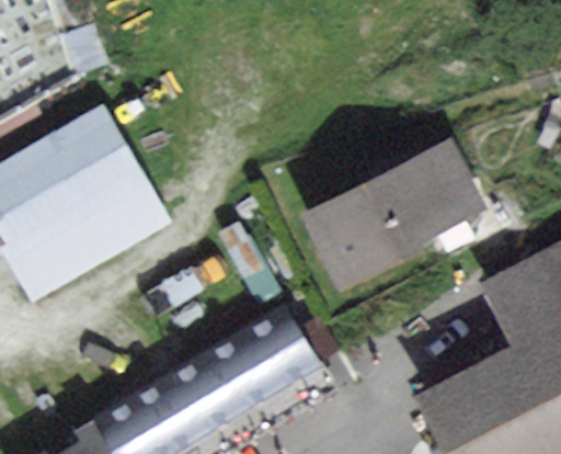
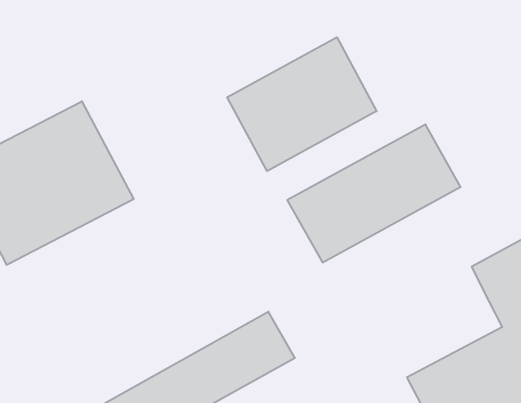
building: none -> [227,37,377,171]

